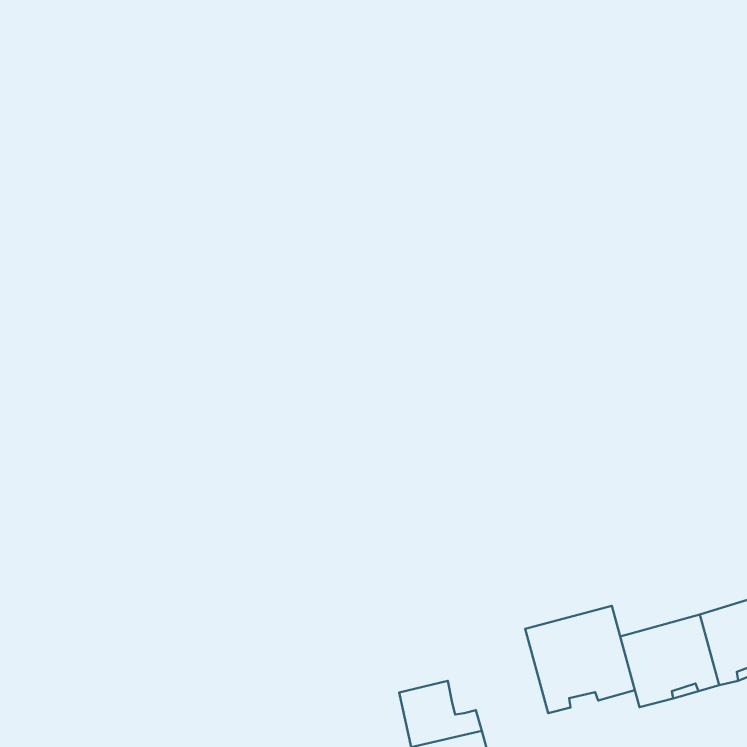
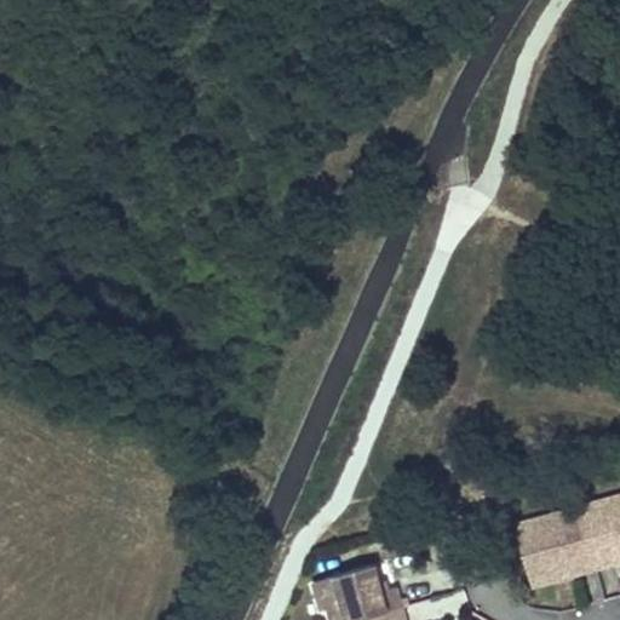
building: [525,606,635,713] -> none

